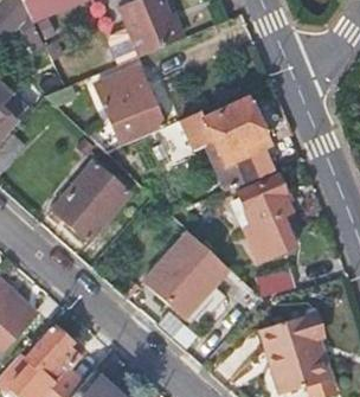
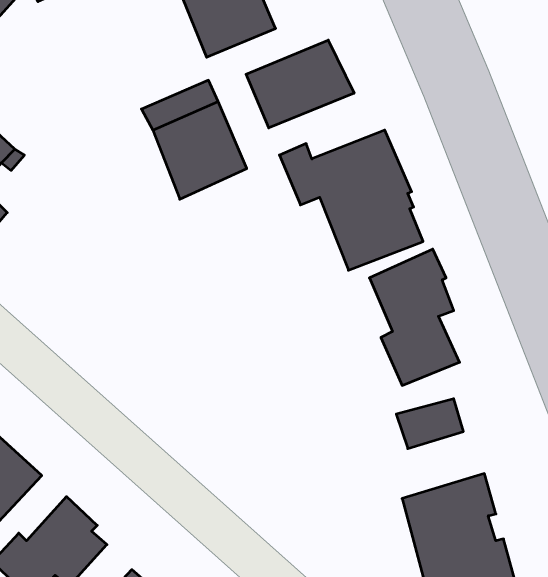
building: none -> [246,40,354,128]
building: [53,160,131,239] -> none
building: [146,230,231,316] -> none

